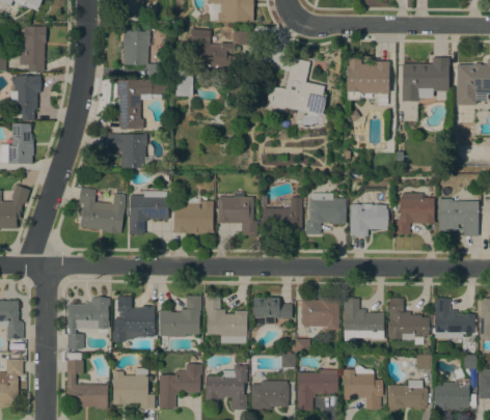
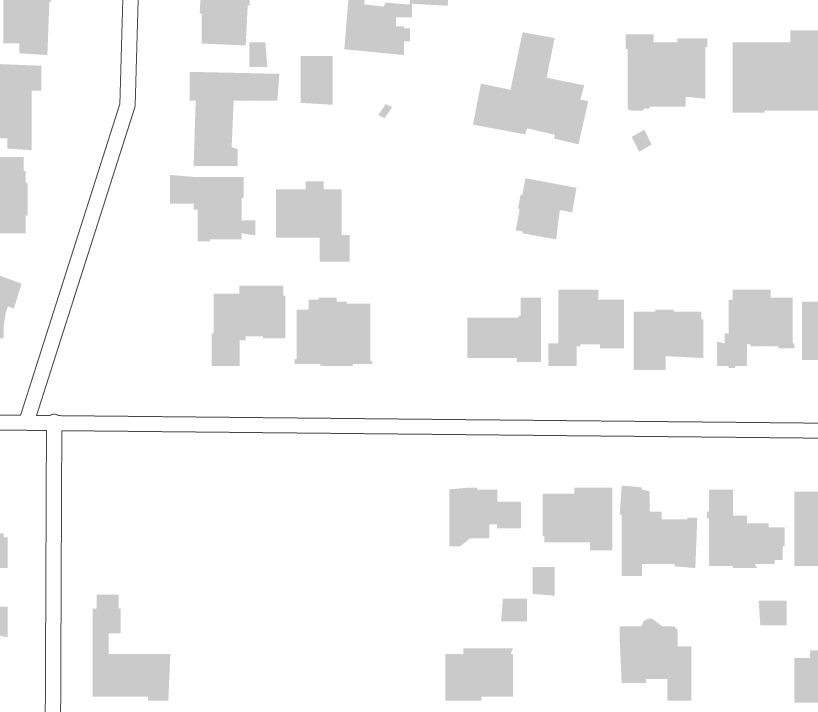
building: none -> [515,177,577,240]
building: [79,187,126,232] -> none
building: [218,192,257,234] -> [275,181,350,262]
building: [160,296,201,336] -> none
building: [113,297,155,342] -> none
building: [206,297,247,343] -> none
building: [66,298,109,349] -> none
building: [159,364,201,408] -> none
building: [206,364,247,410] -> none
building: [113,368,155,409] -> none
building: [297,369,337,410] -> none
building: [387,380,428,410] -> none

